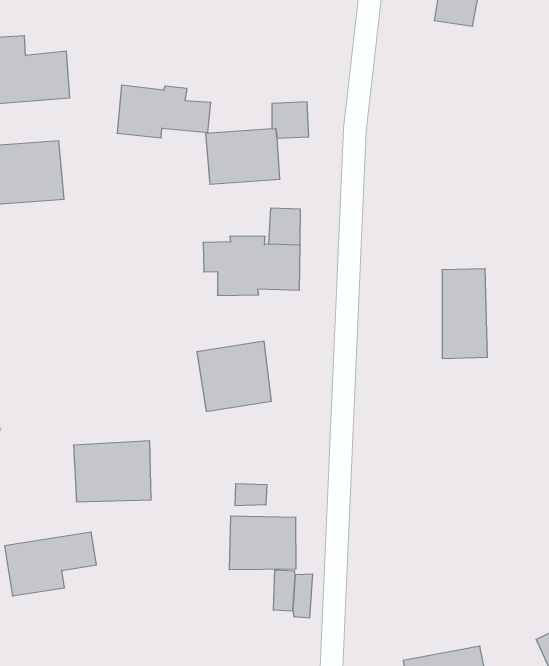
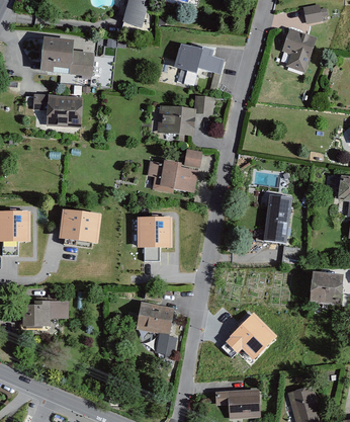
building: [117,85,211,138] -> [174,41,225,73]
building: [73,441,151,502] -> [59,208,101,243]
building: none -> [225,313,274,357]

